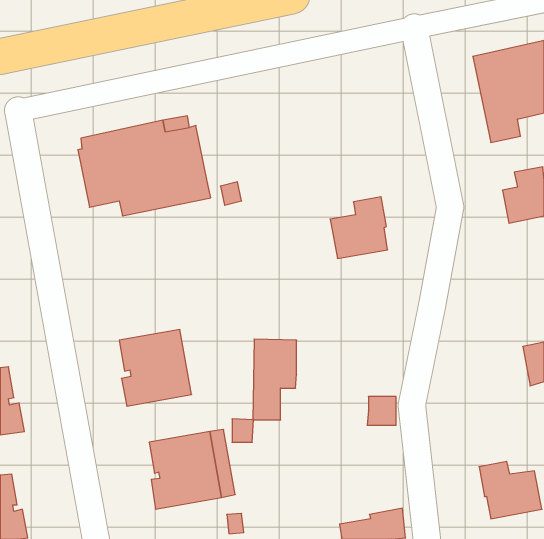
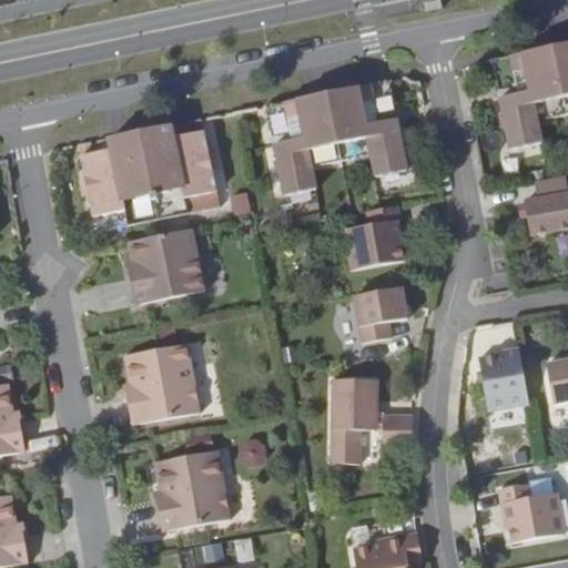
building: none -> [267,80,407,195]
building: none -> [128,229,205,304]
building: none -> [354,287,408,343]
building: none -> [478,346,528,409]
building: [253,339,297,420] -> [332,377,377,462]

